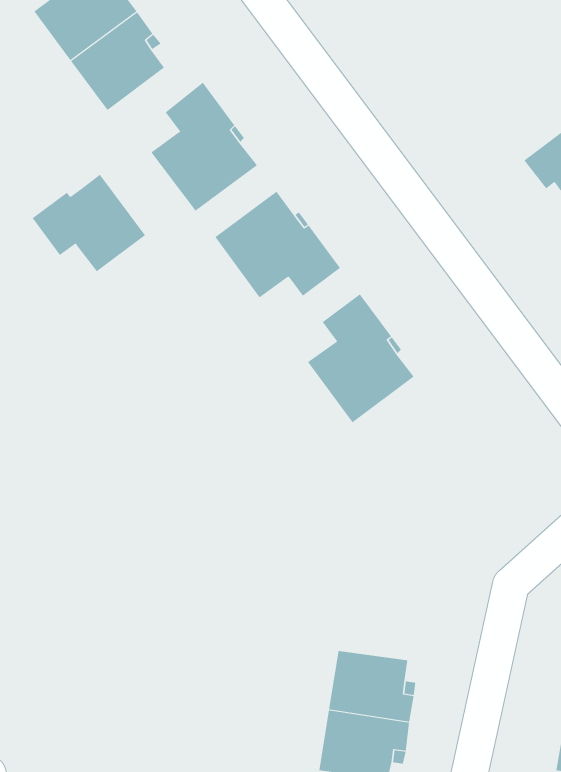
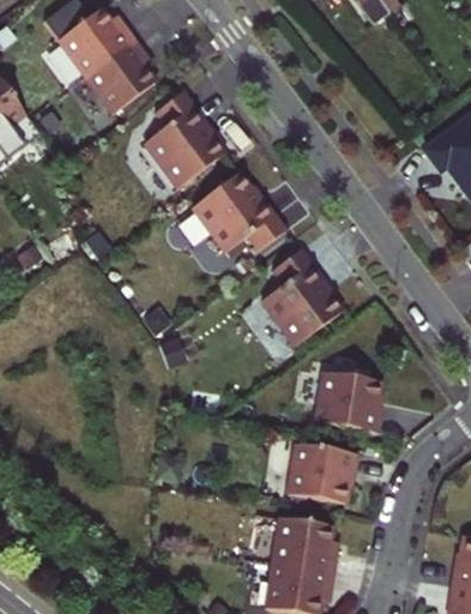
building: [32,174,146,272] -> none
building: none -> [318,373,384,433]
building: none -> [290,445,361,505]

